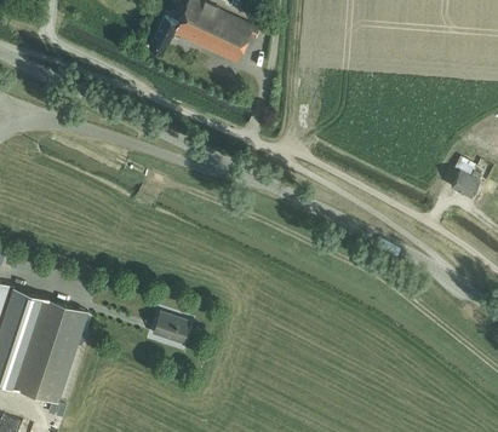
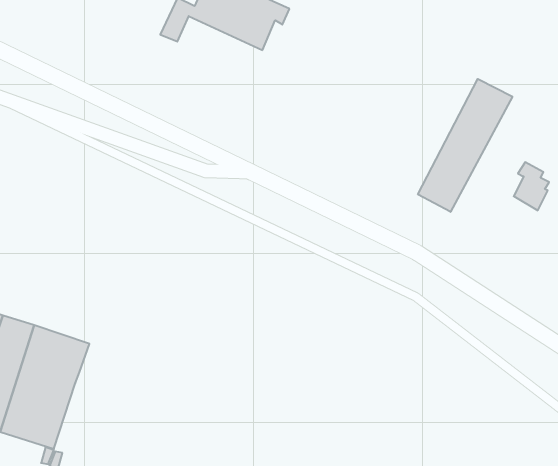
building: none -> [418,79,512,212]
building: [151,313,188,345] -> none

